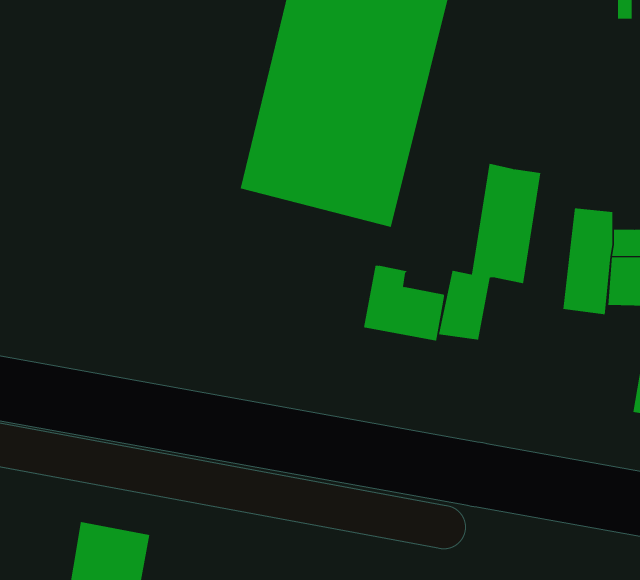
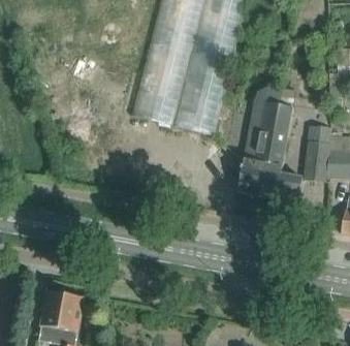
building: [363,265,445,341] -> [259,161,303,201]

